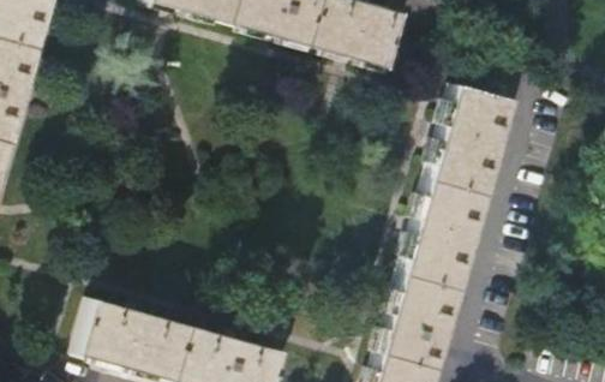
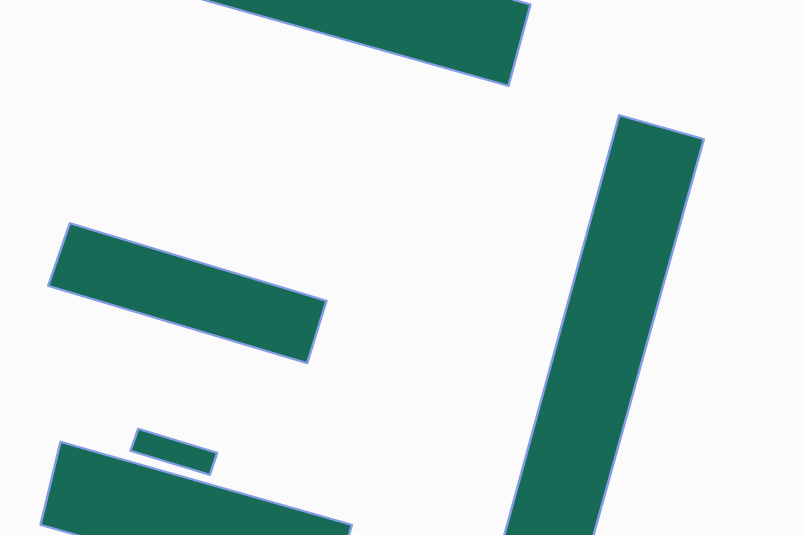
building: none -> [48,223,327,363]

